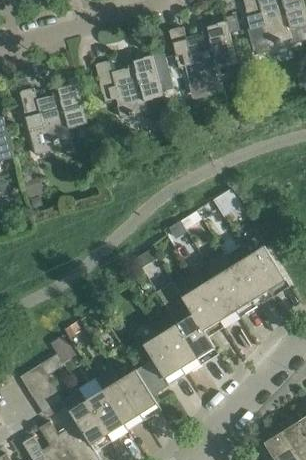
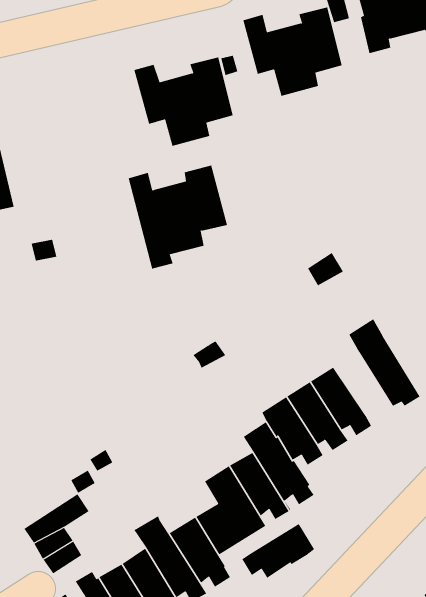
building: [19,83,87,154] -> [128,165,228,269]
building: [223,245,272,304] -> none
building: none -> [242,523,315,579]

